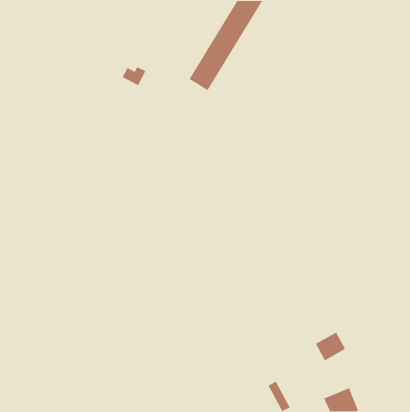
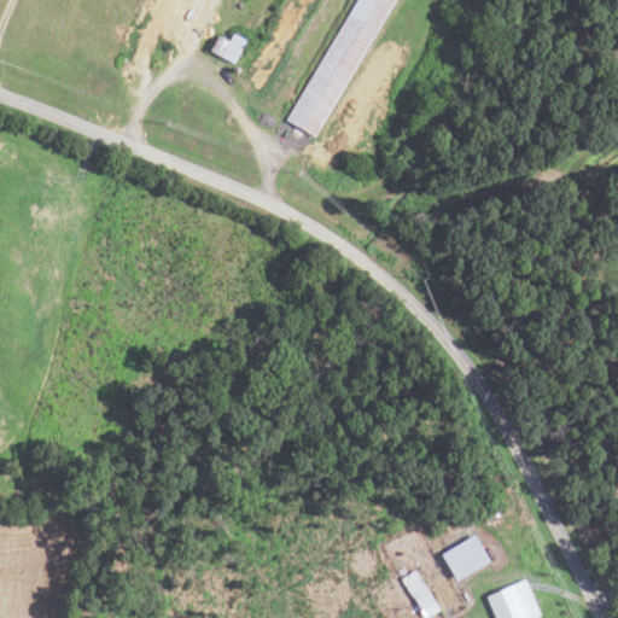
building: [121,66,146,86] -> [209,34,246,64]
building: [315,332,346,361] -> [443,535,490,579]

